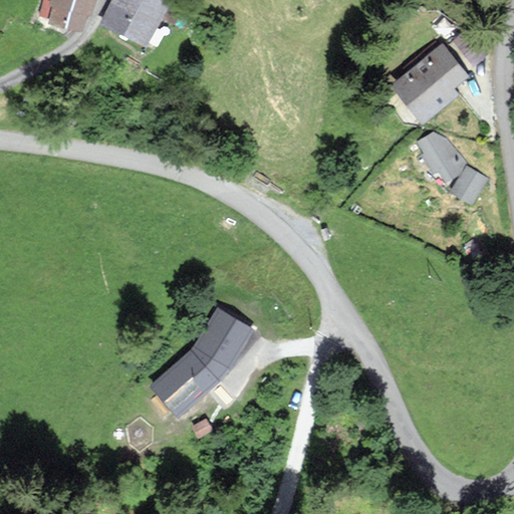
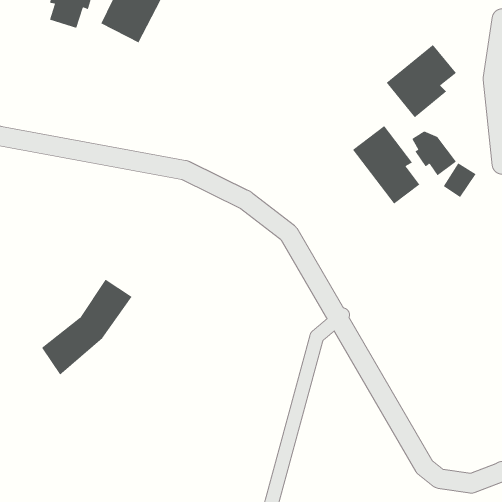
building: none -> [352,125,420,204]
building: [156,312,249,411] -> [41,279,133,375]

